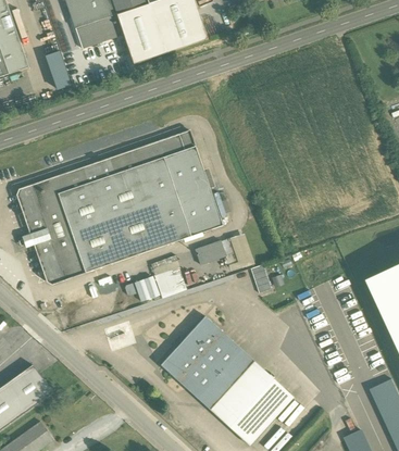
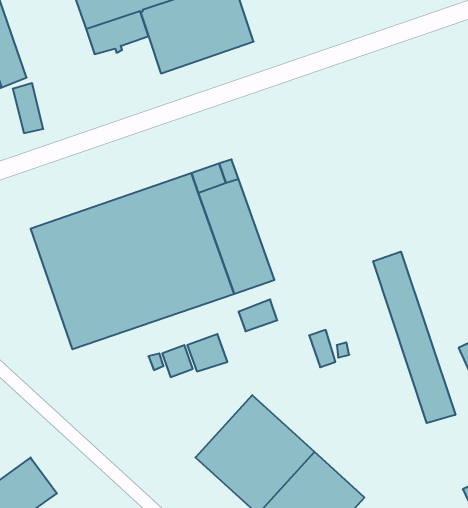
building: [46,50,70,89] -> [13,83,43,133]
building: [16,185,64,284] -> none
building: none -> [373,252,455,423]

